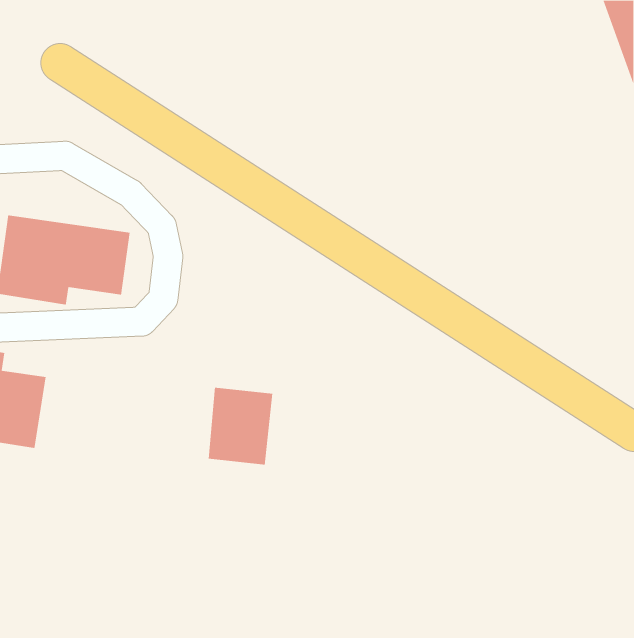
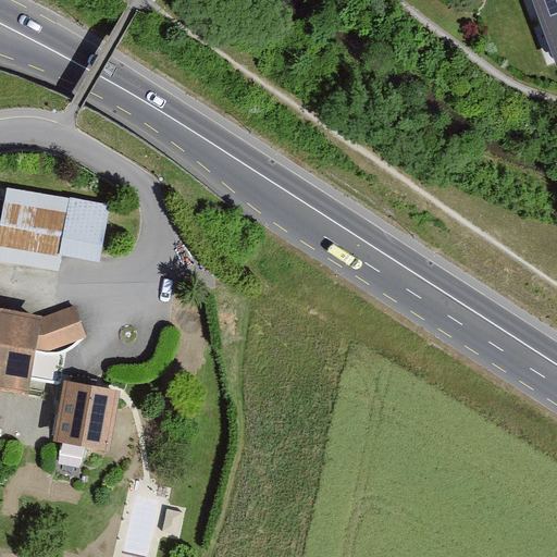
building: none -> [39,306,82,346]
building: [208,387,273,465] -> [63,380,120,447]

